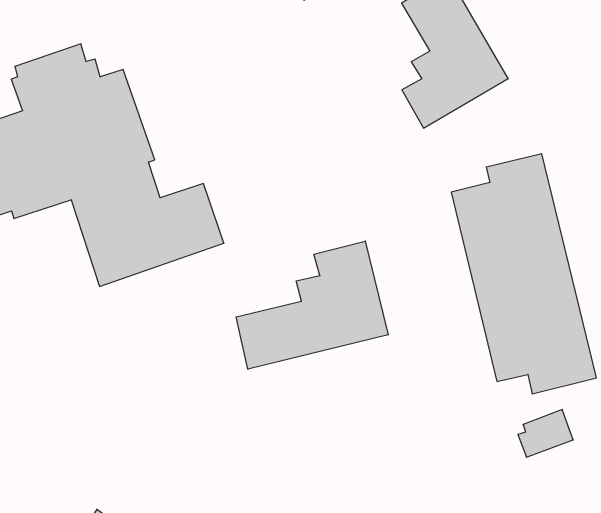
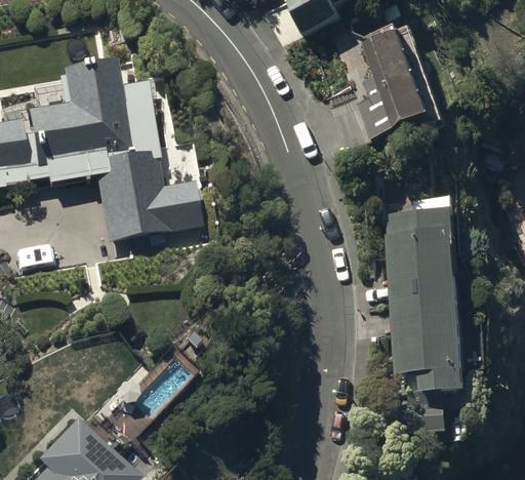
building: [236,241,388,369] -> none

